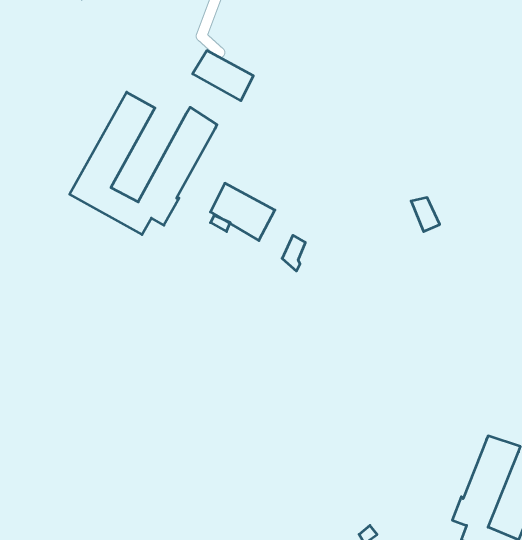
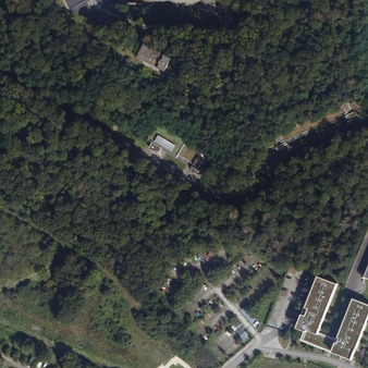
building: [70,92,217,235] -> none

